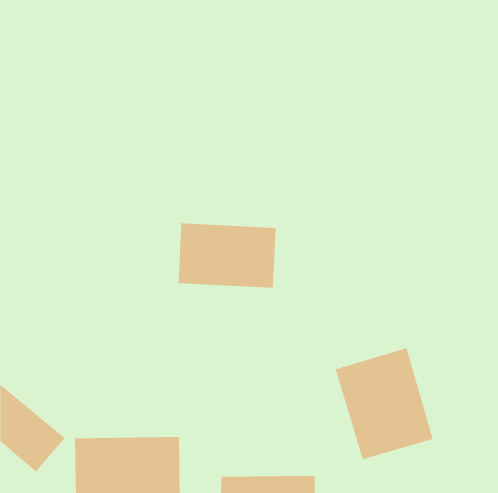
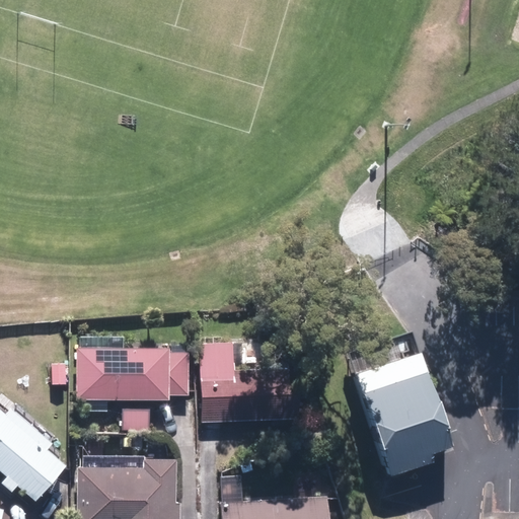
building: [178,223,276,288] -> [196,354,298,422]
building: none -> [80,349,189,394]

